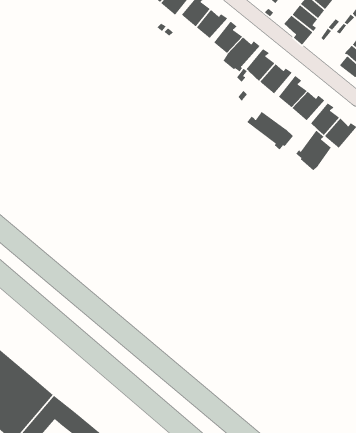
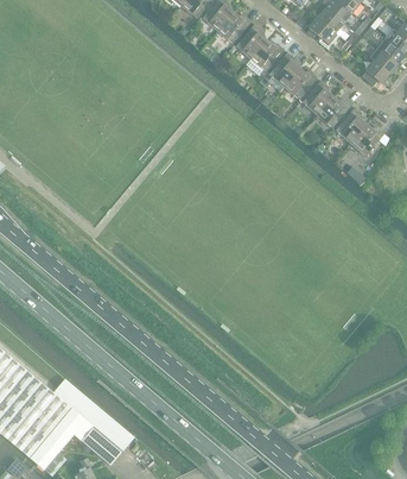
building: [246,111,294,150] -> none
building: [295,130,332,171] -> none

